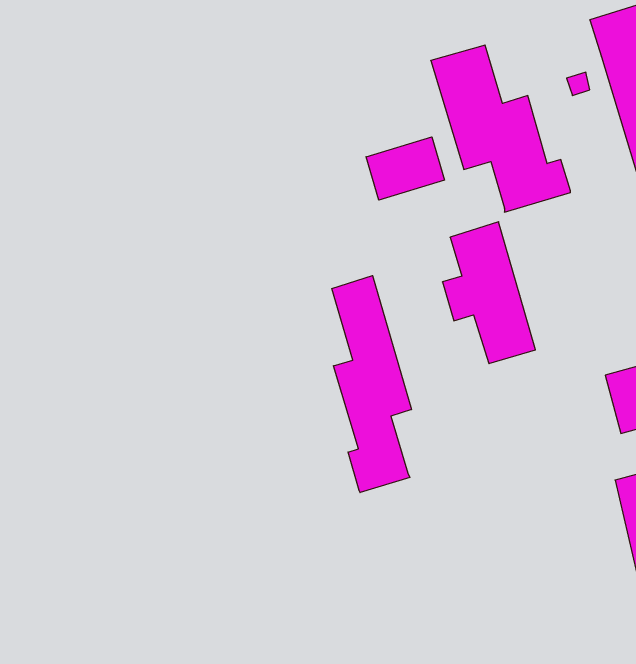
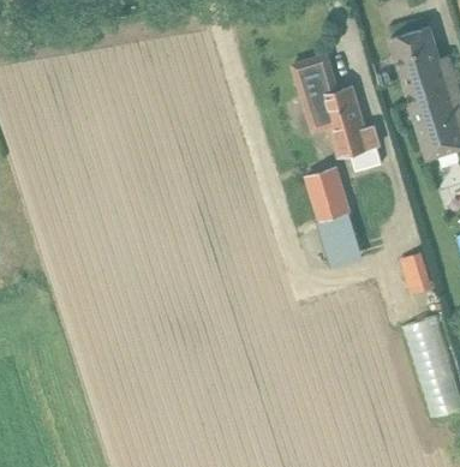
building: [366,137,444,200] -> none
building: [332,276,411,493] -> none

